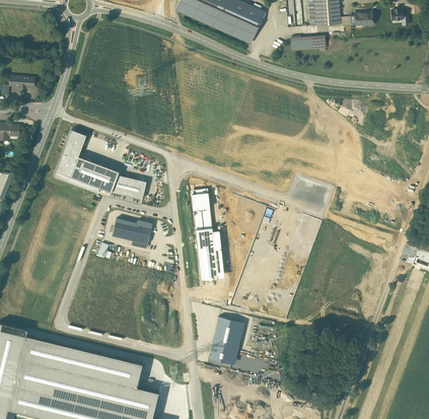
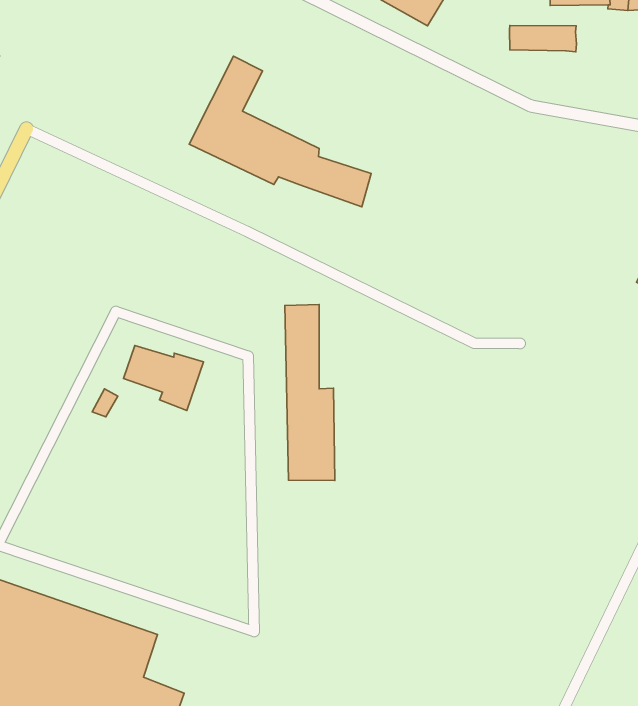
building: [53,129,146,199] -> [189,56,371,207]
building: [209,318,242,363] -> none

